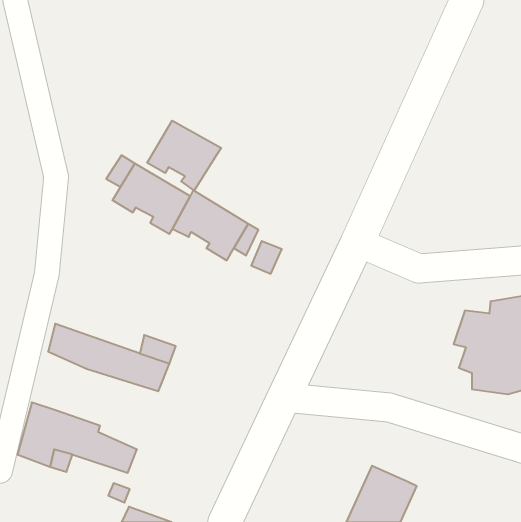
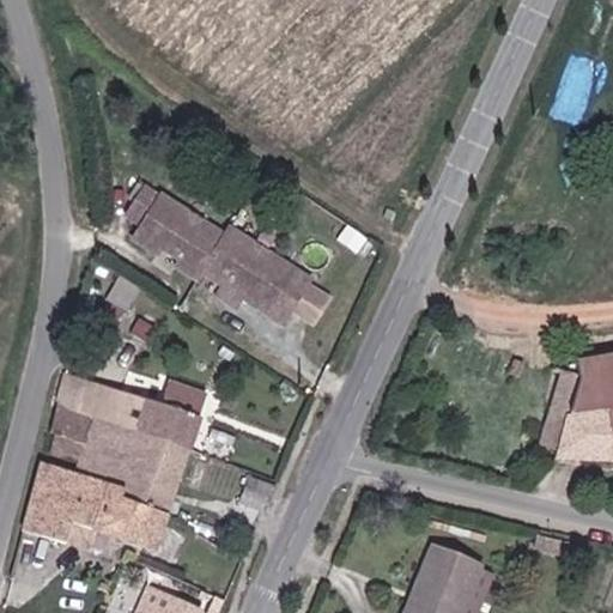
building: [147,121,221,191] -> none
building: none -> [47,412,187,527]

